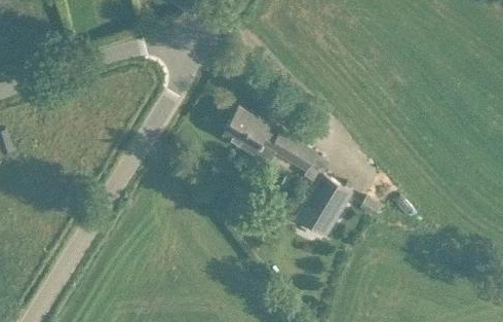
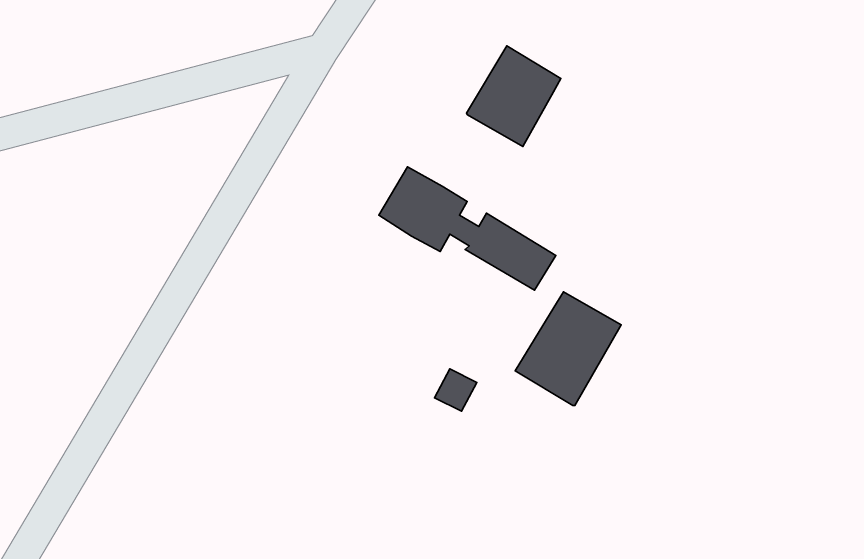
building: none -> [467,46,561,147]

